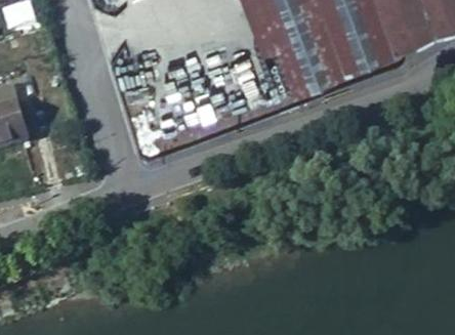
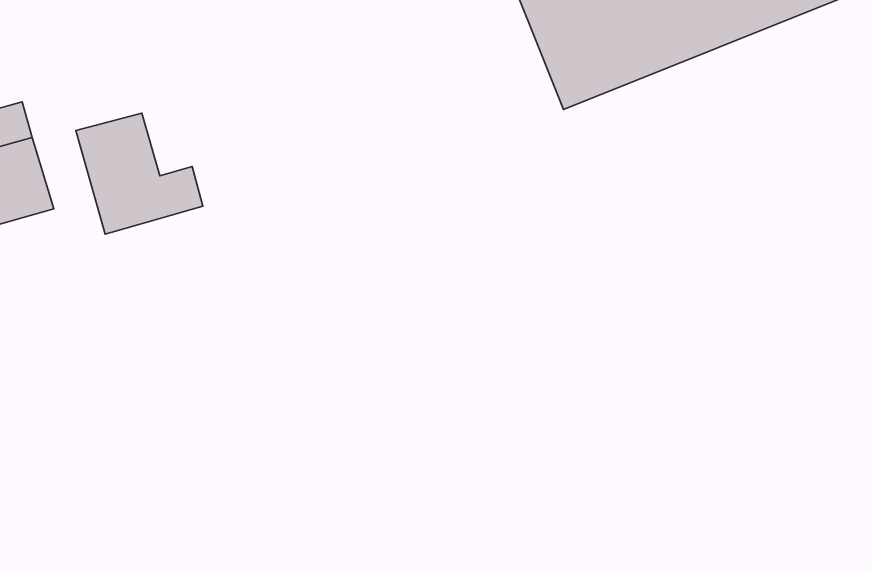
building: none -> [76,113,203,234]

